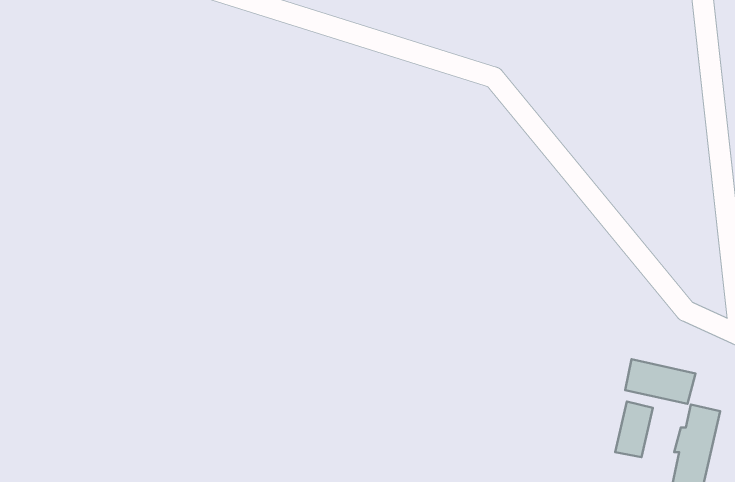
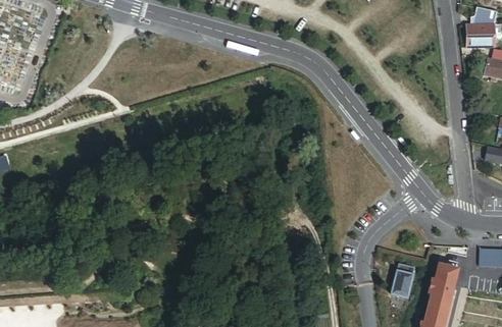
building: [625,359,695,404] -> none

